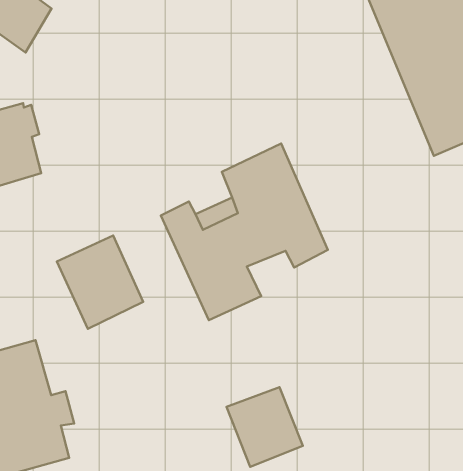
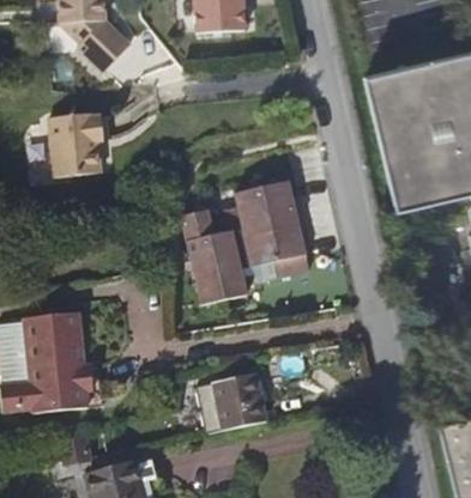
building: [57,236,143,329] -> none

